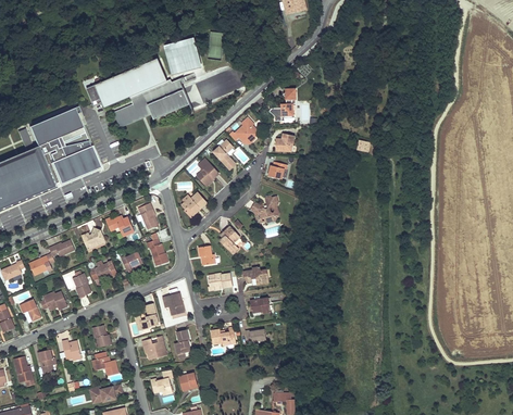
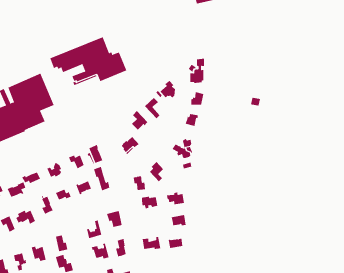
building: [163,36,201,74] -> none
building: [198,68,241,98] -> none
building: [58,108,101,186] -> none

